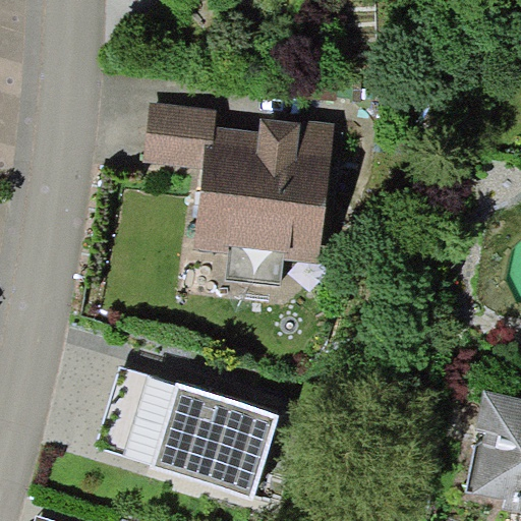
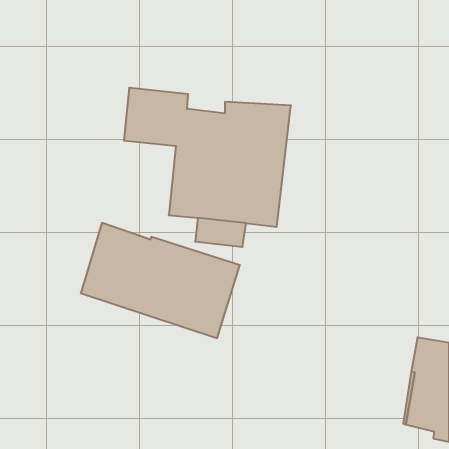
building: [96,365,280,499] -> [81,223,240,338]

